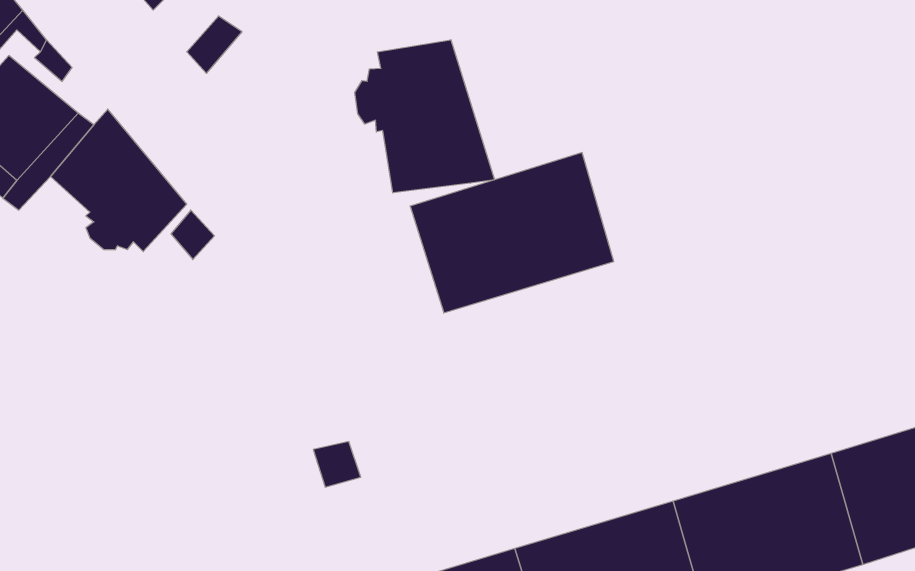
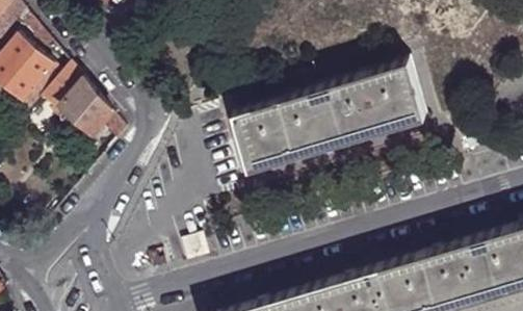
building: [355,40,494,193] -> none
building: none -> [322,61,425,144]

